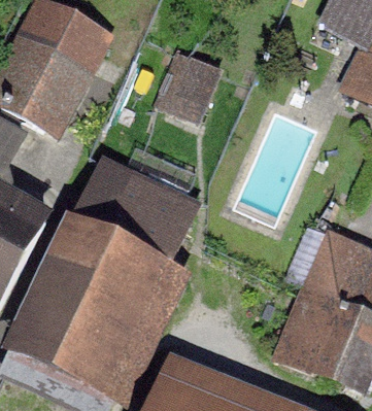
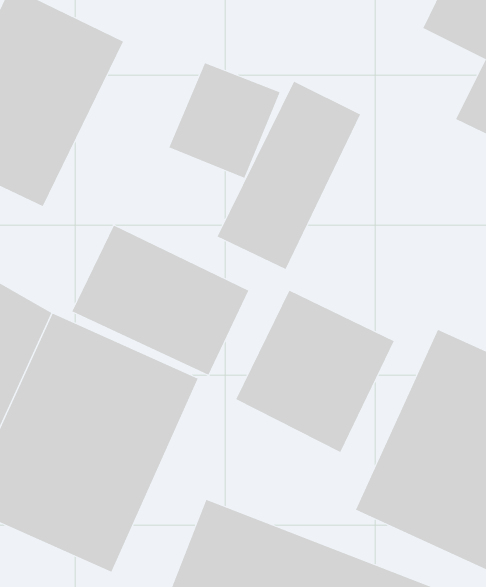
building: none -> [217,81,361,270]
building: none -> [236,290,395,453]

